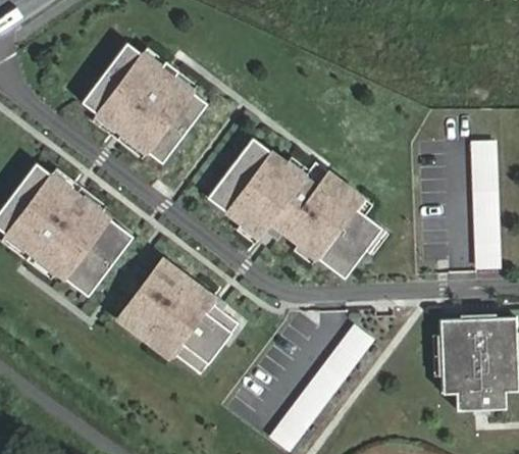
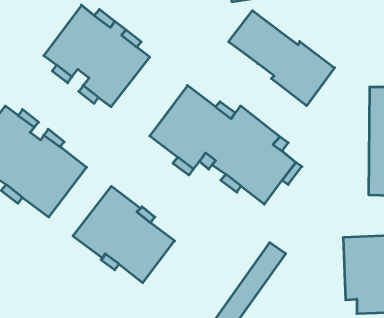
building: none -> [229,11,335,106]

